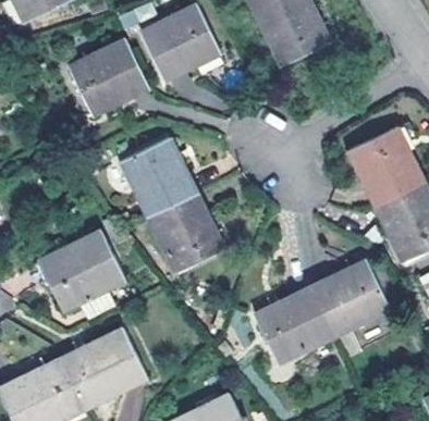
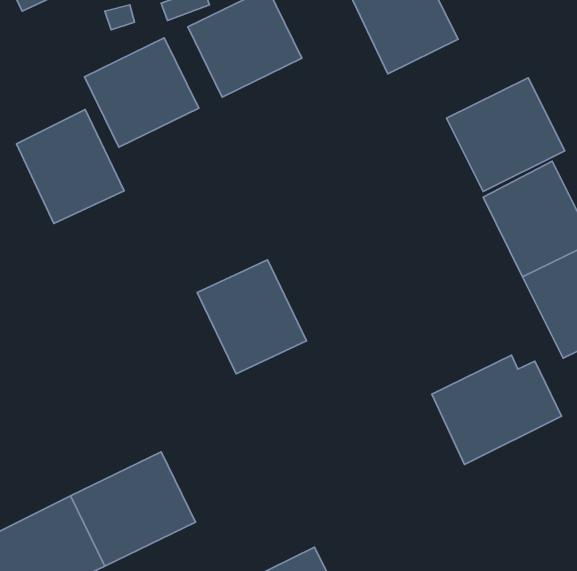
building: none -> [446,78,565,191]
building: [121,137,196,216] -> [16,109,124,224]
building: [37,231,123,321] -> none
building: [254,287,333,363] -> none

